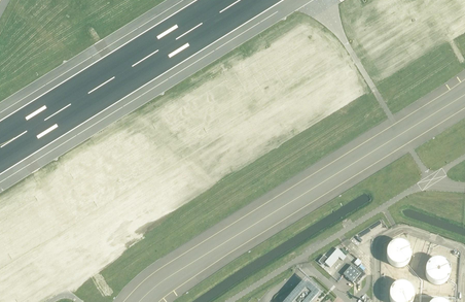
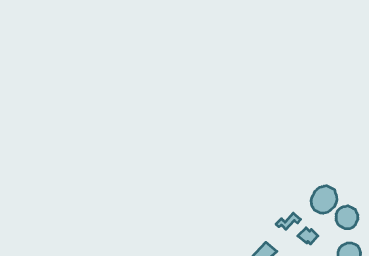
building: none -> [311,186,337,213]

